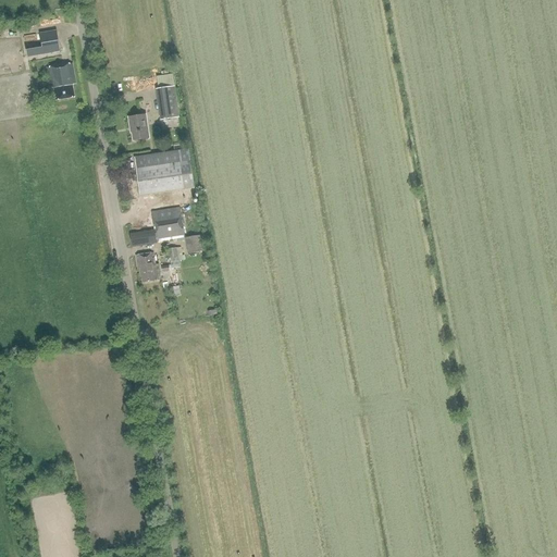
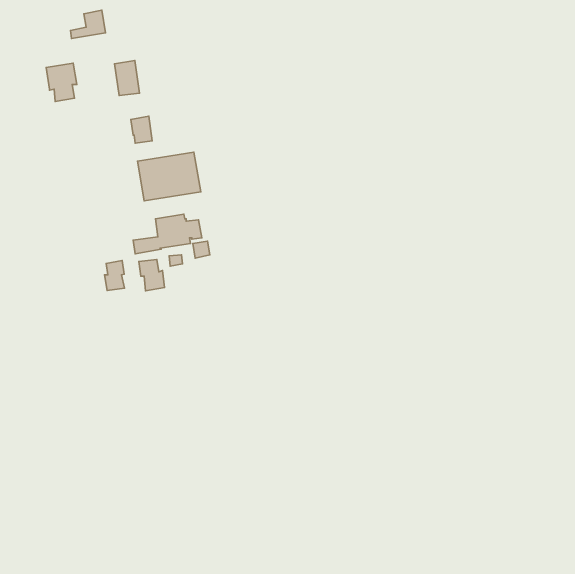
building: [25,28,59,55] -> [70,10,105,38]
building: [154,84,178,117] -> [115,60,139,95]
building: none -> [105,260,124,290]

